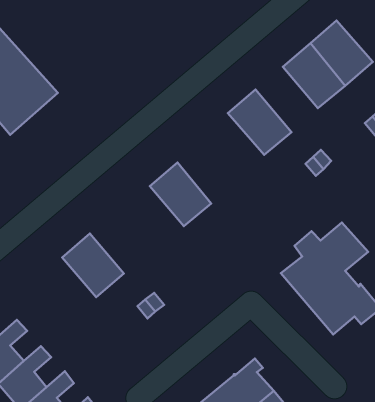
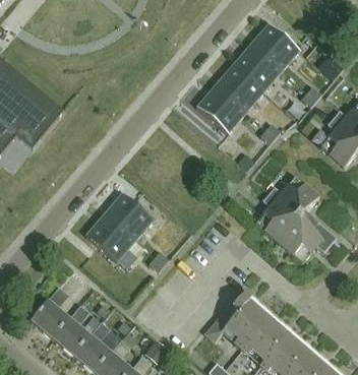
building: none -> [215,64,264,113]
building: [150,162,211,226] -> [105,192,154,240]

